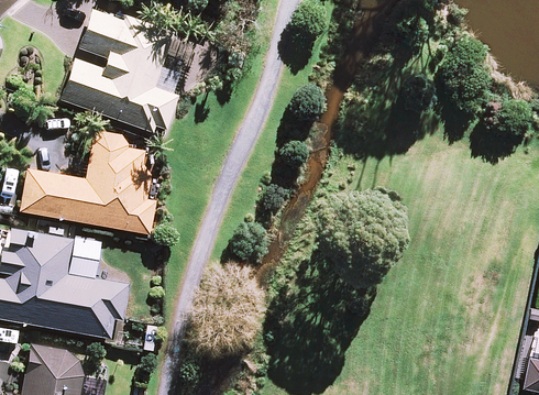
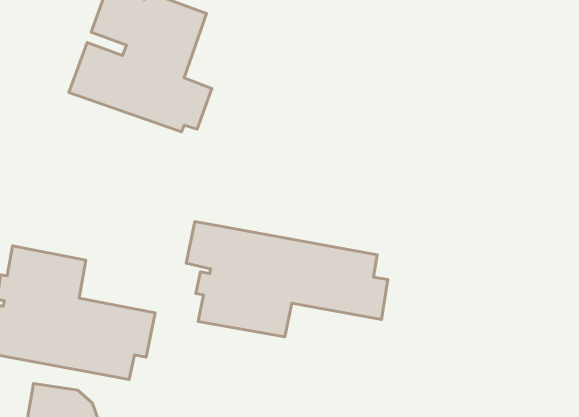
building: [20,131,158,234] -> none
building: none -> [186,222,388,337]

